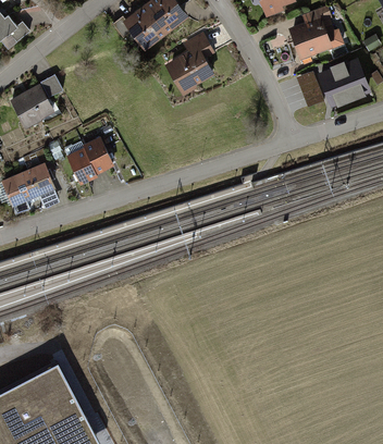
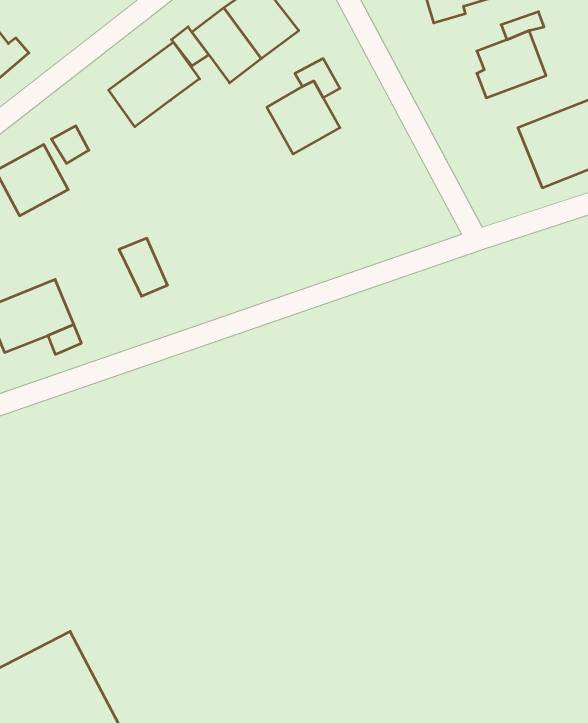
building: none -> [109,42,200,127]
building: [296,72,323,108] -> none
building: [67,148,97,184] -> none

